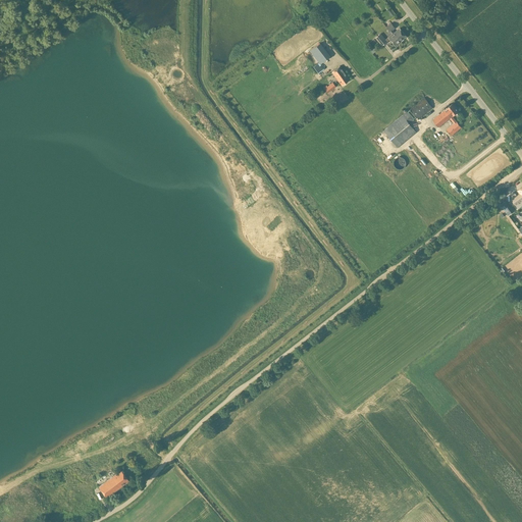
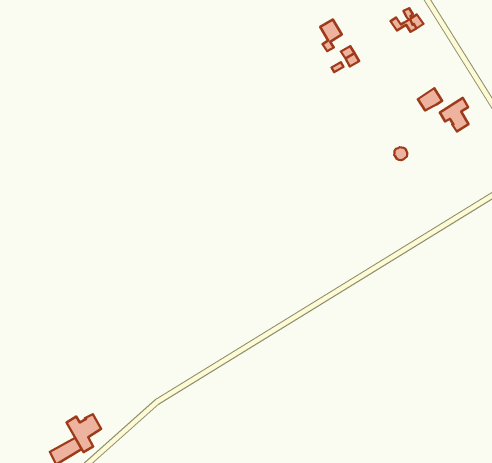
building: [382,112,416,149] -> none
building: none -> [67,414,101,452]

